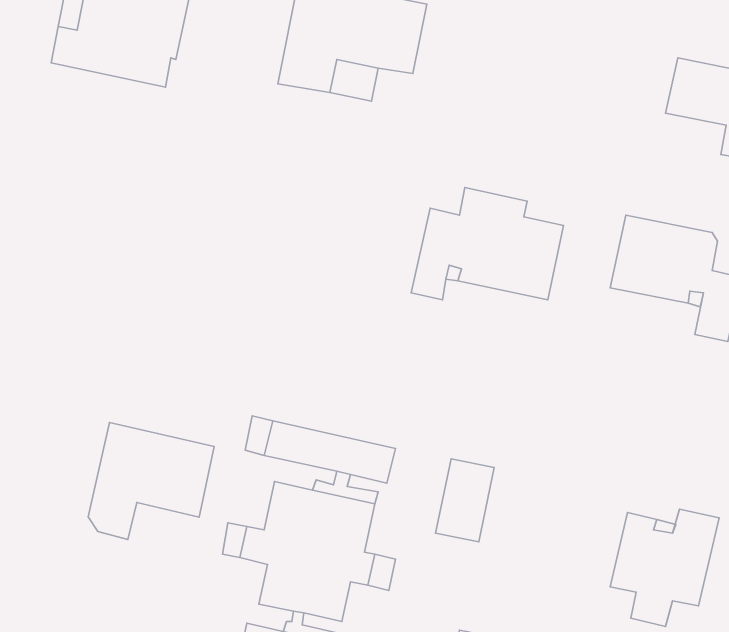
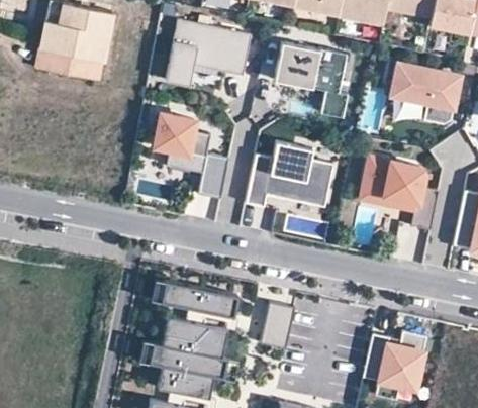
building: none -> [274,42,349,118]
building: none -> [155,112,230,198]
building: [88,422,214,540] -> none

